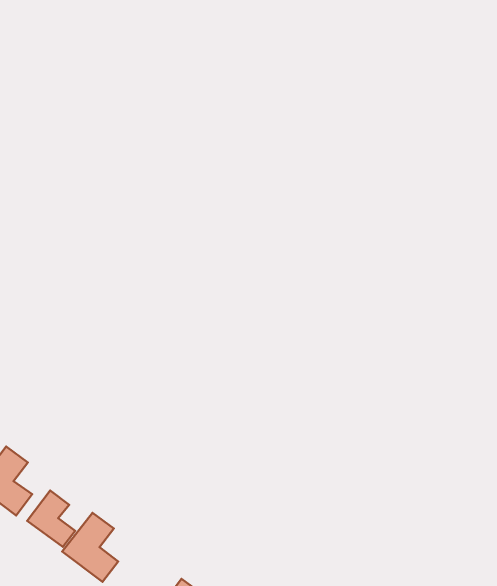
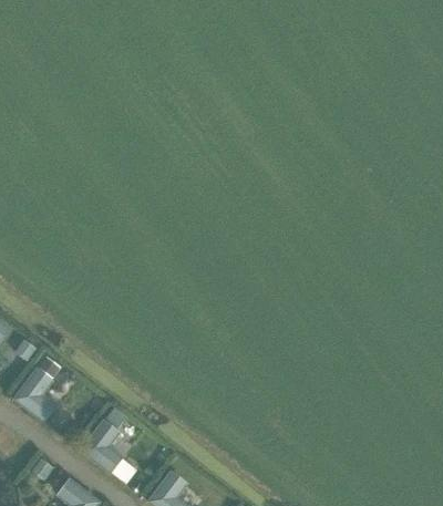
building: [27,490,75,547] -> none

